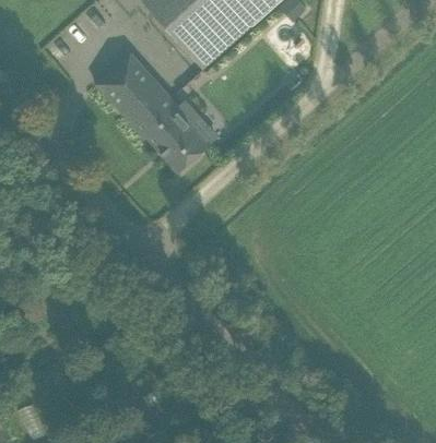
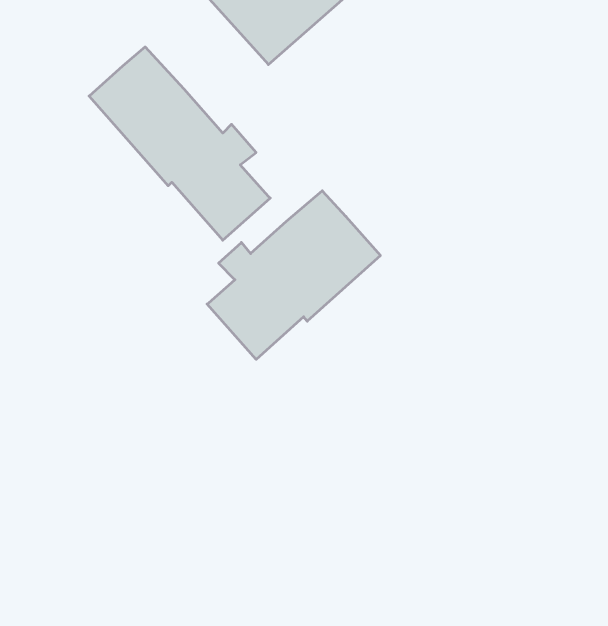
building: none -> [207,191,380,359]

